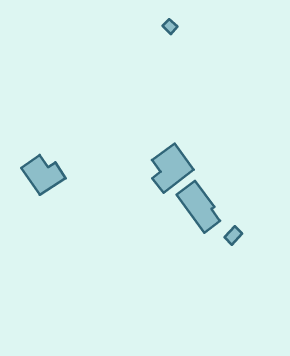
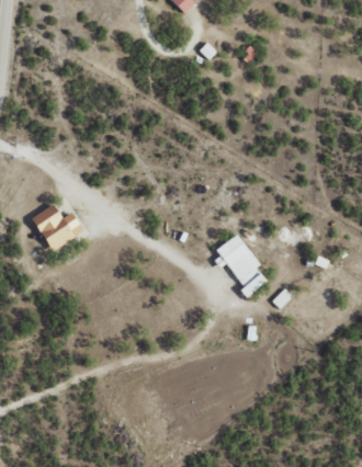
building: [152,144,194,193] -> none

